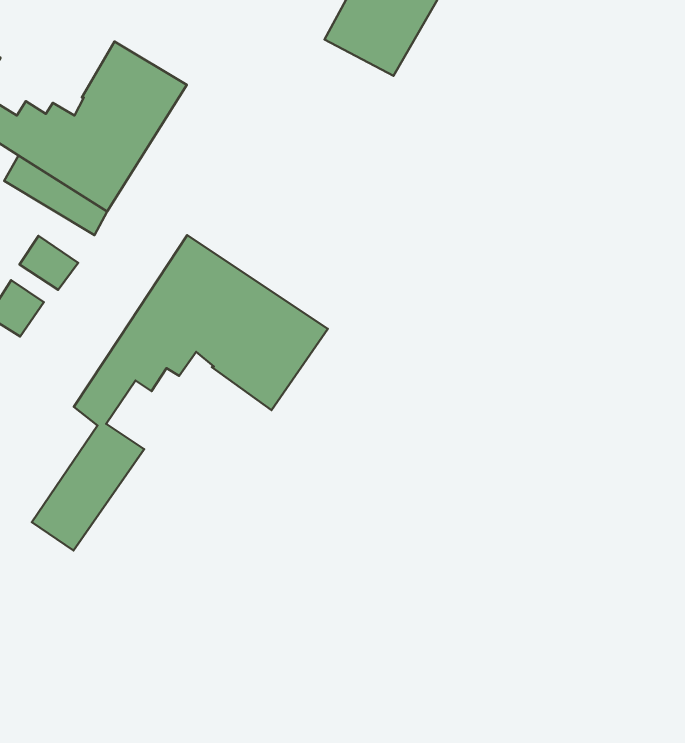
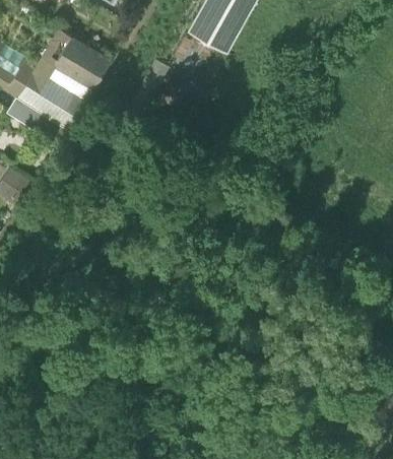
building: [32,235,328,551] -> none
building: [20,236,78,290] -> none

